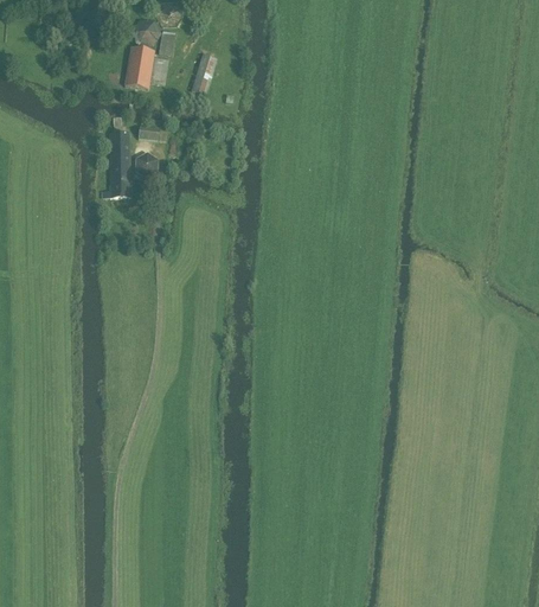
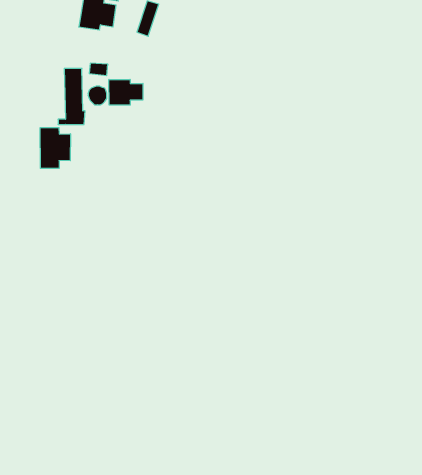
building: none -> [109,79,143,105]
building: none -> [40,128,70,168]

